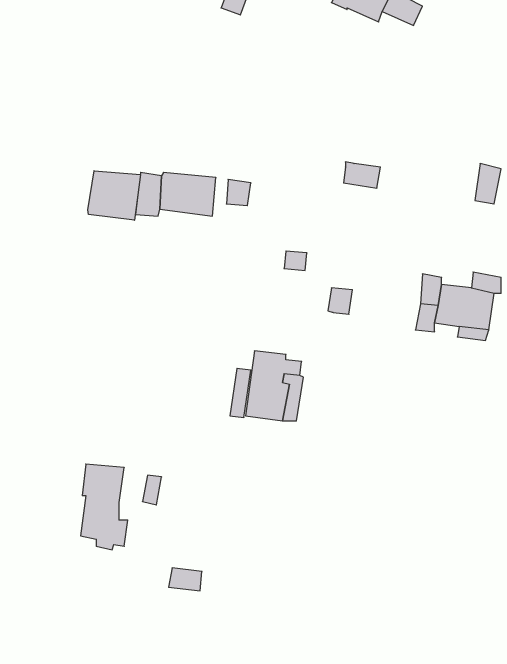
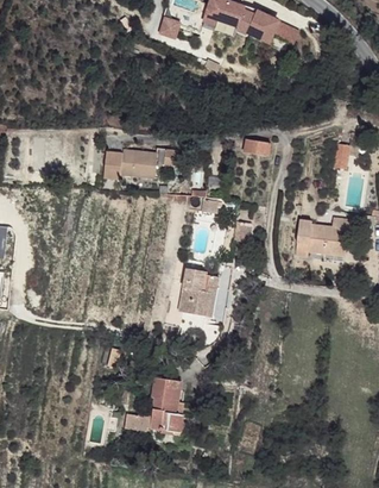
building: [88,171,140,220] -> none
building: [81,464,128,550] -> [152,376,184,434]

